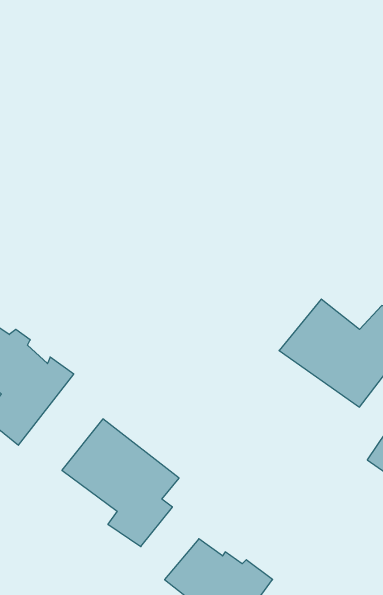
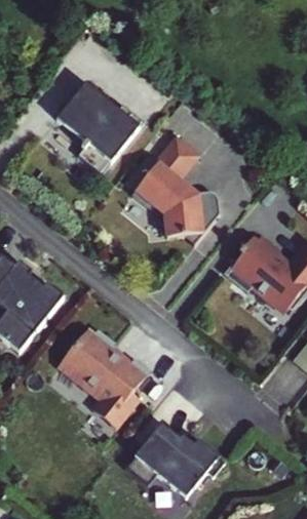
building: none -> [59,81,141,161]
building: none -> [133,135,205,241]

